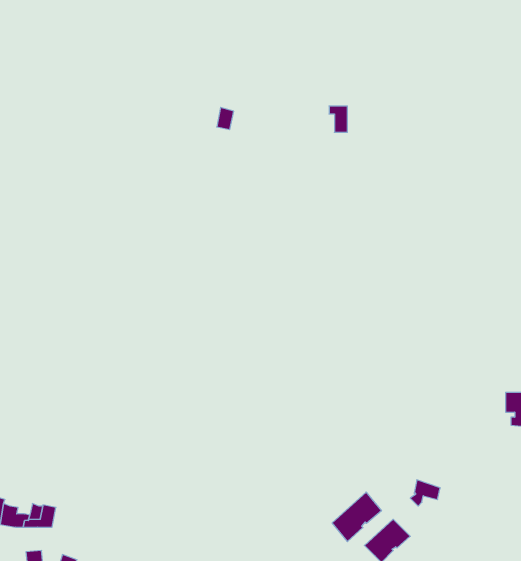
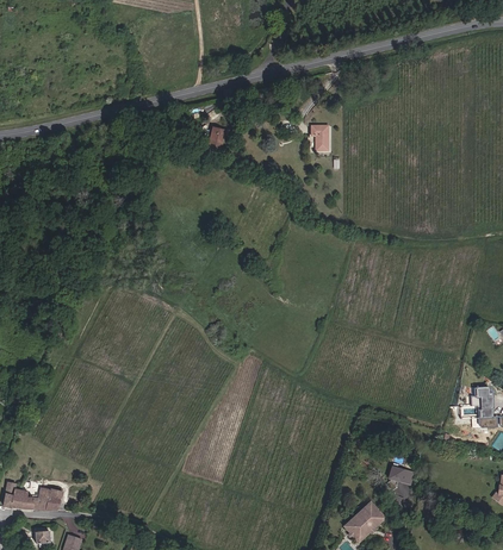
building: [332,492,381,542] -> none

